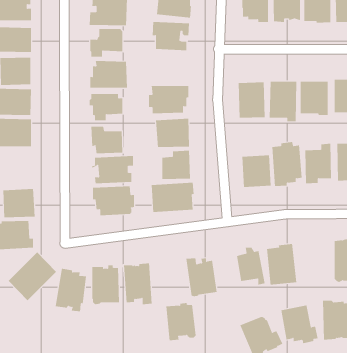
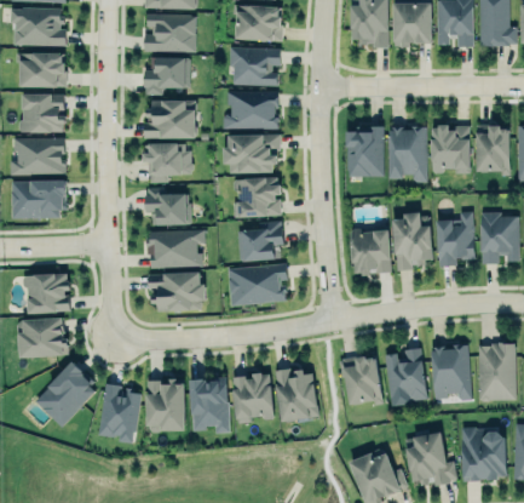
building: none -> [223,92,278,128]
building: none -> [431,345,471,401]
building: [165,303,196,341] -> [232,371,275,423]

